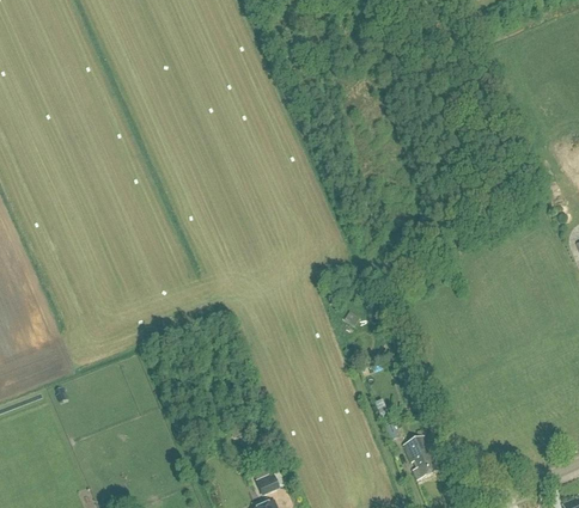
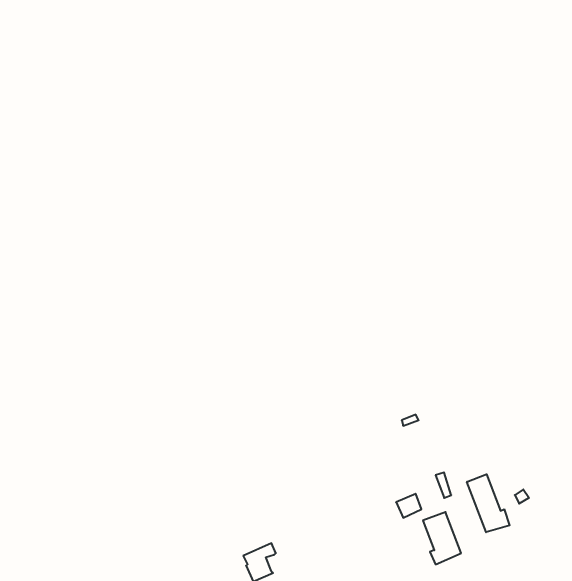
building: none -> [467,474,510,532]

